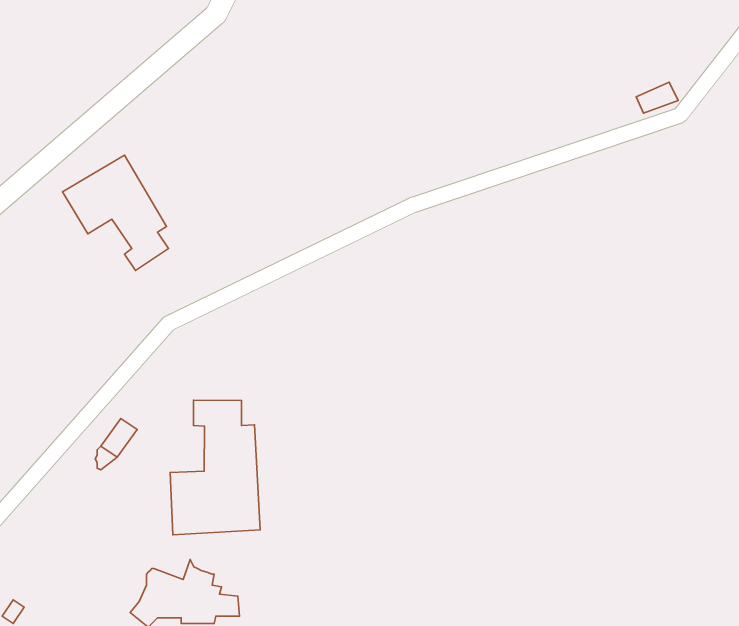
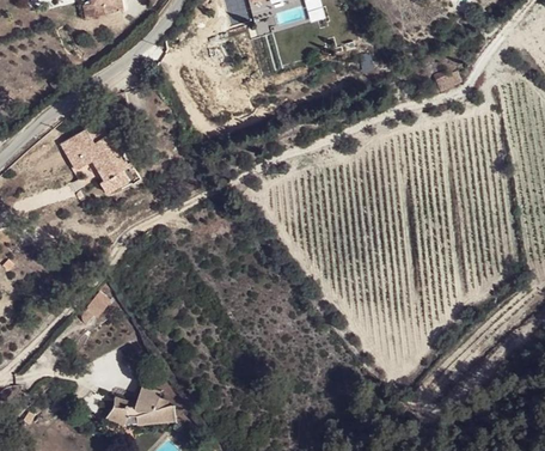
building: [170,400,260,535] -> none

